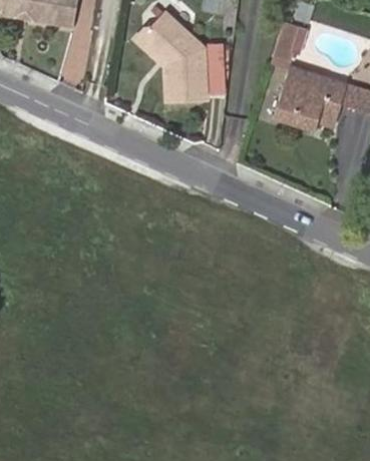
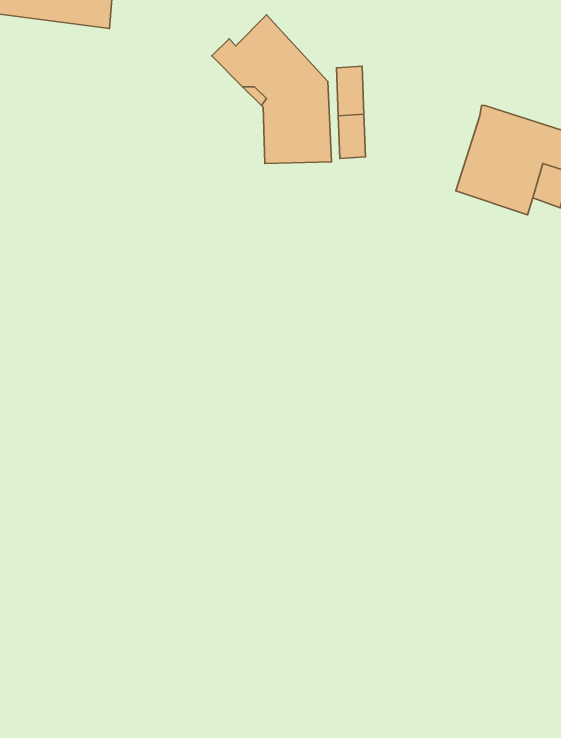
building: [271,20,307,72] -> none

